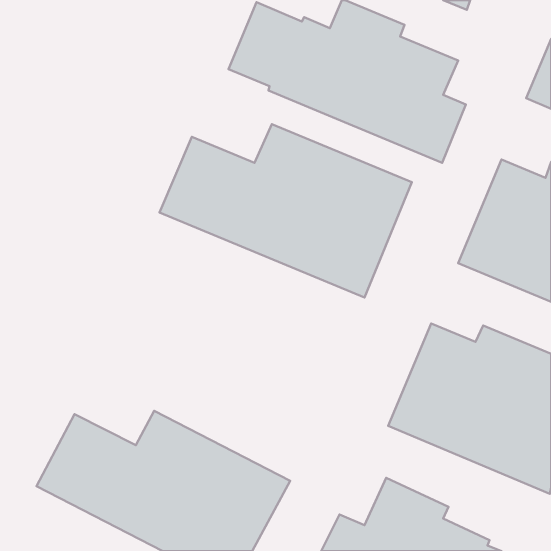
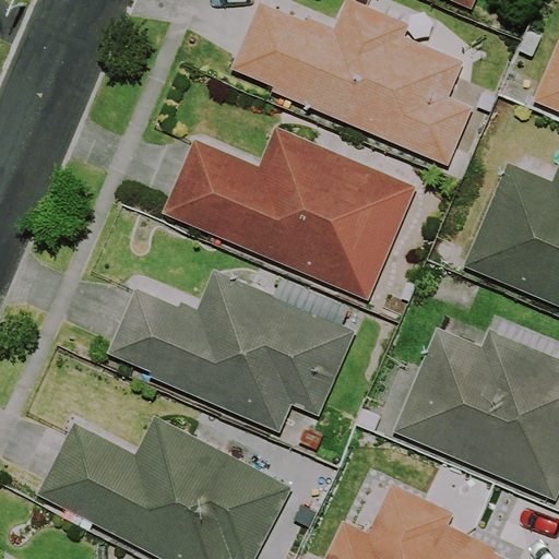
building: none -> [108,269,357,432]

